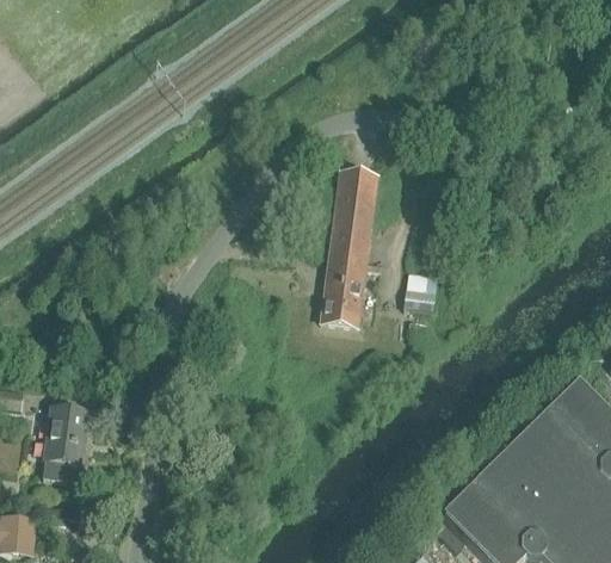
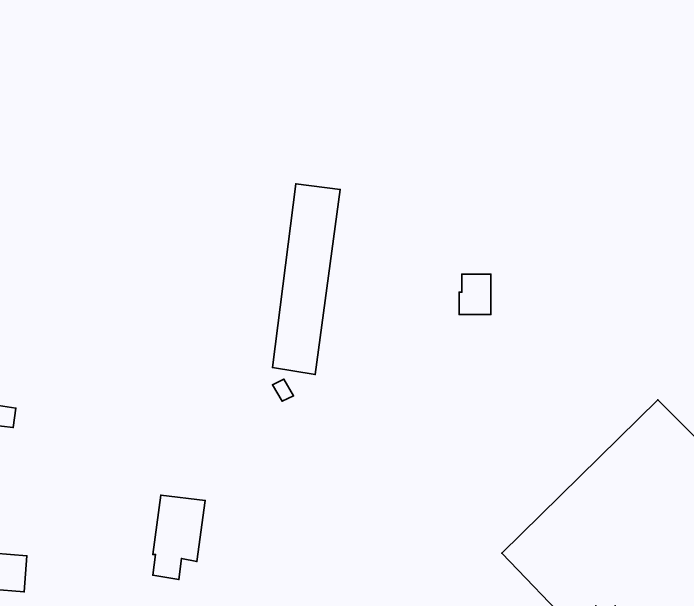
building: [320,162,378,327] -> [273,184,340,374]
building: [43,406,88,478] -> [153,495,205,579]

